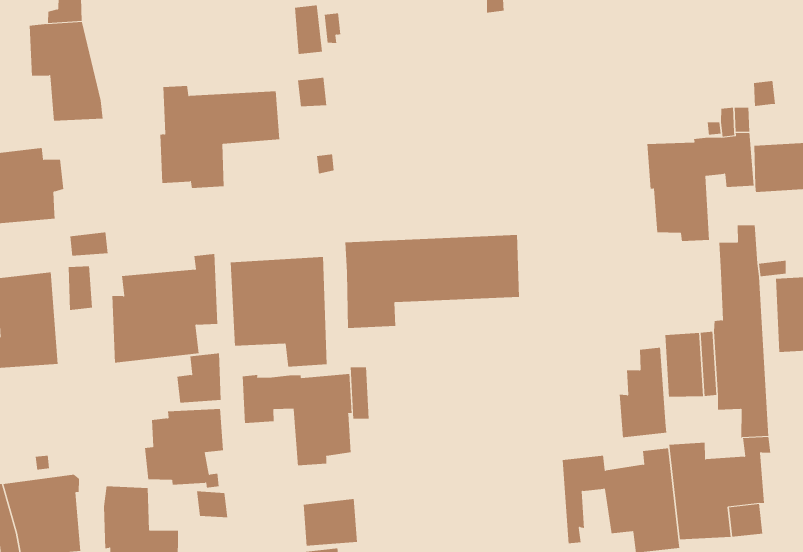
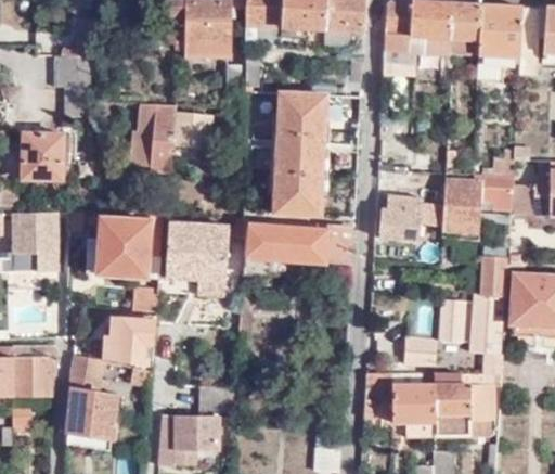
building: none -> [273,91,326,215]
building: none -> [378,192,423,240]
building: [242,373,352,466] -> none

